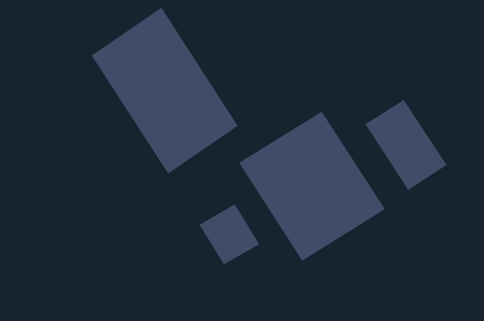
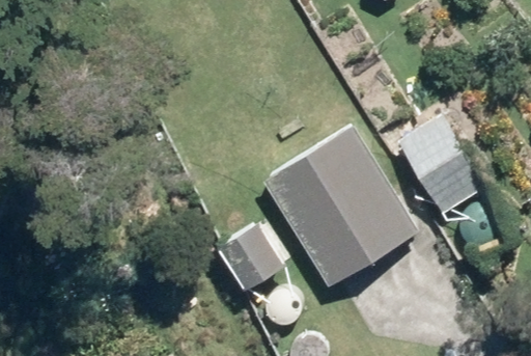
building: [91,7,238,174] -> none

